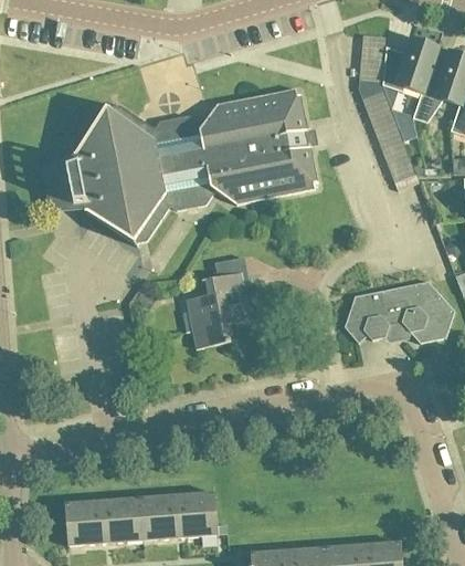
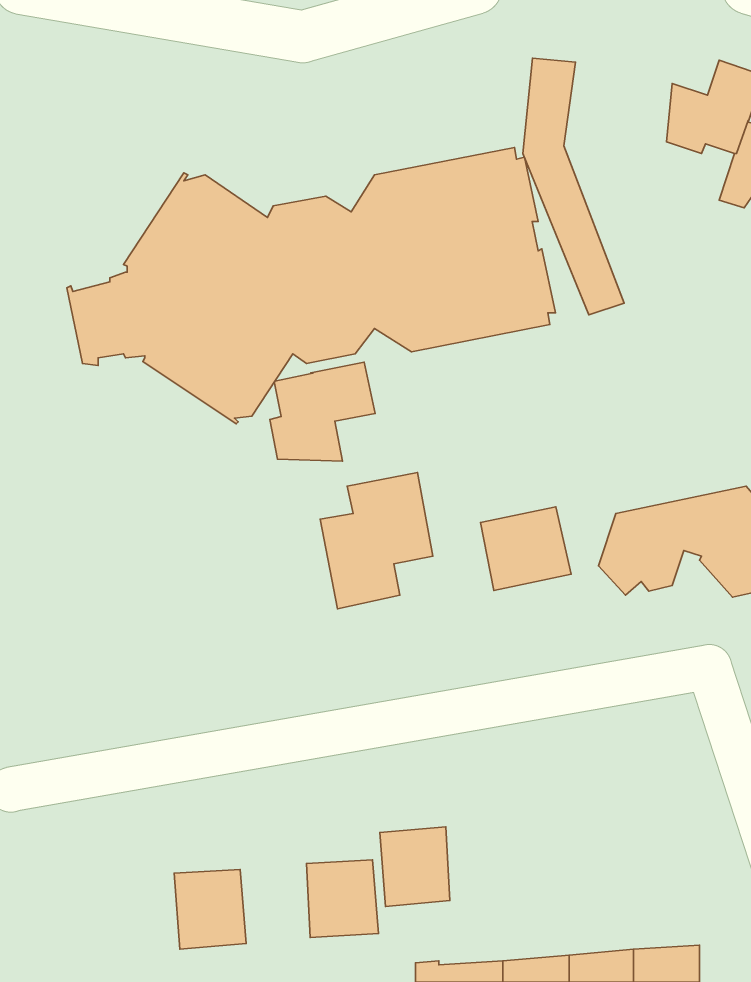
building: [357,32,414,178] -> [523,58,624,315]
building: none -> [270,362,375,461]
building: none -> [480,507,571,590]
building: [140,495,180,541] -> [380,827,450,906]
building: [65,501,106,546] -> none

